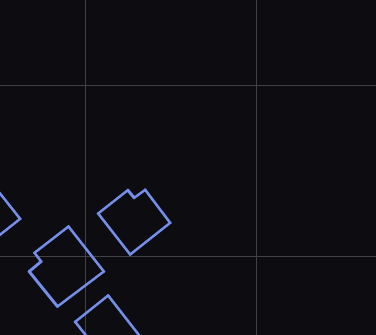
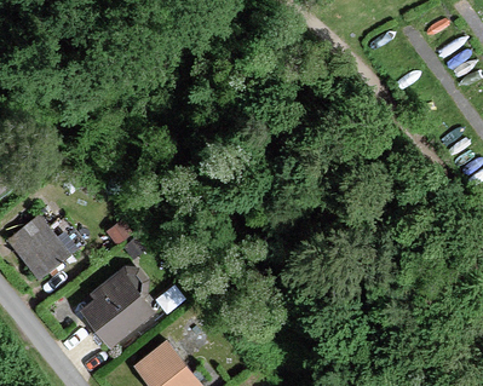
building: [98,190,170,255] -> none

